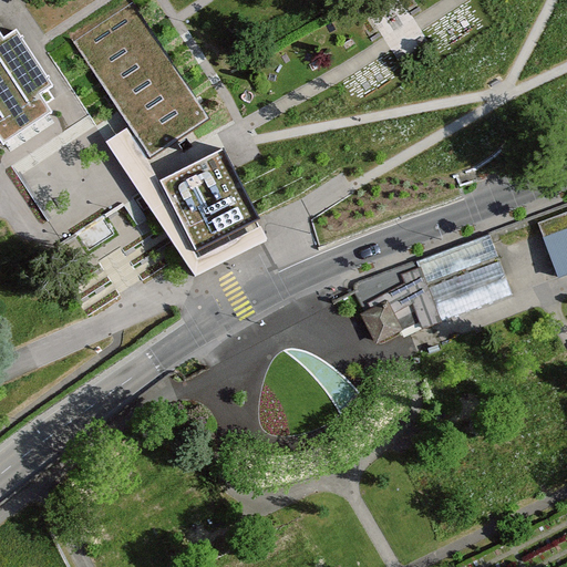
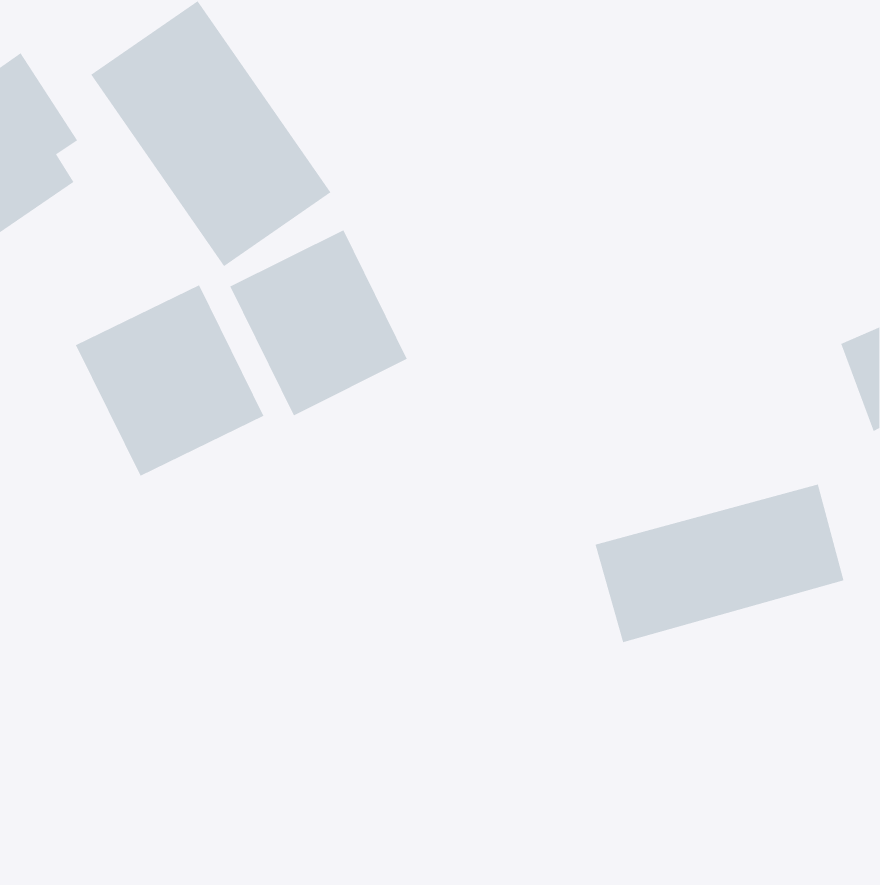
building: none -> [75,284,265,477]
building: [353,236,513,338] -> [595,484,845,643]

